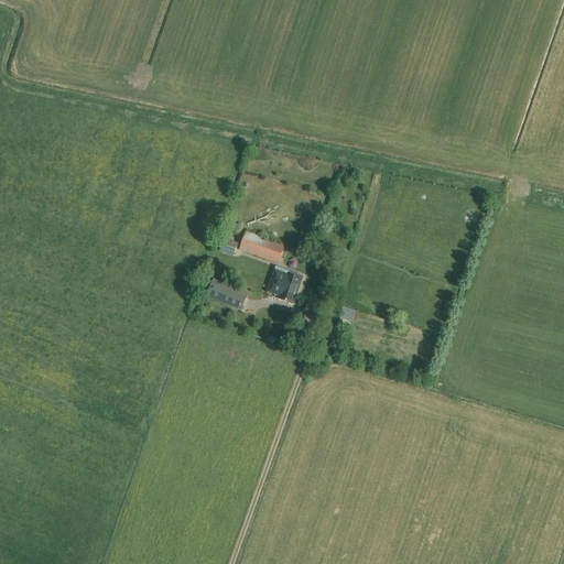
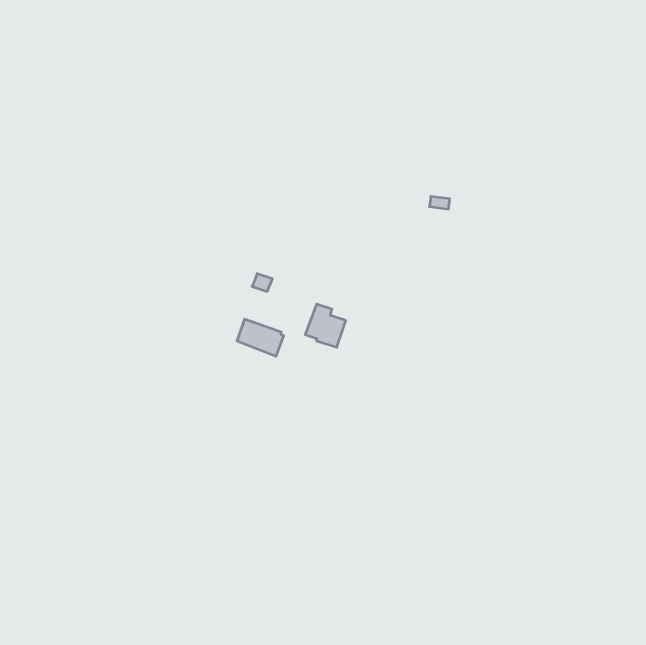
building: [239,230,283,262] -> none

